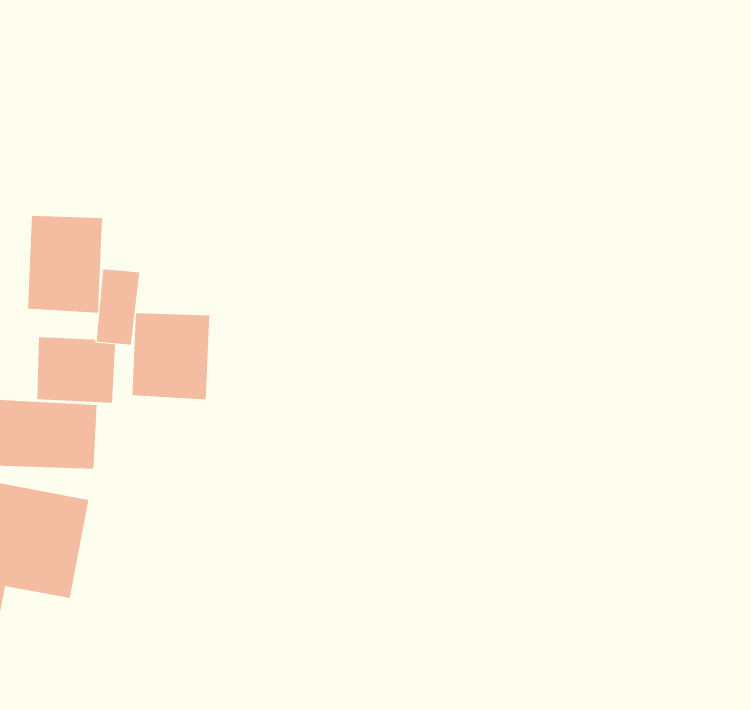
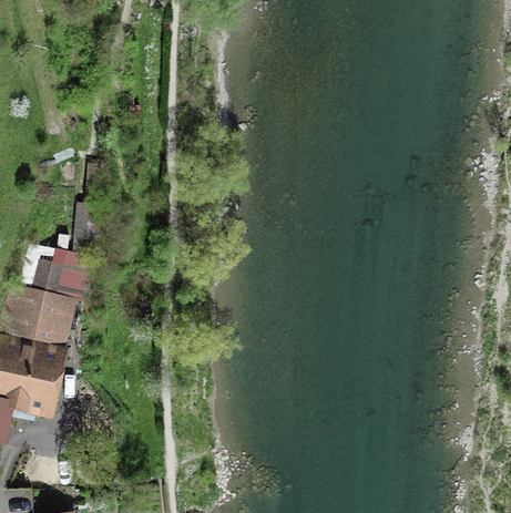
building: [27,215,103,314] -> none
building: [132,312,210,400] -> none

